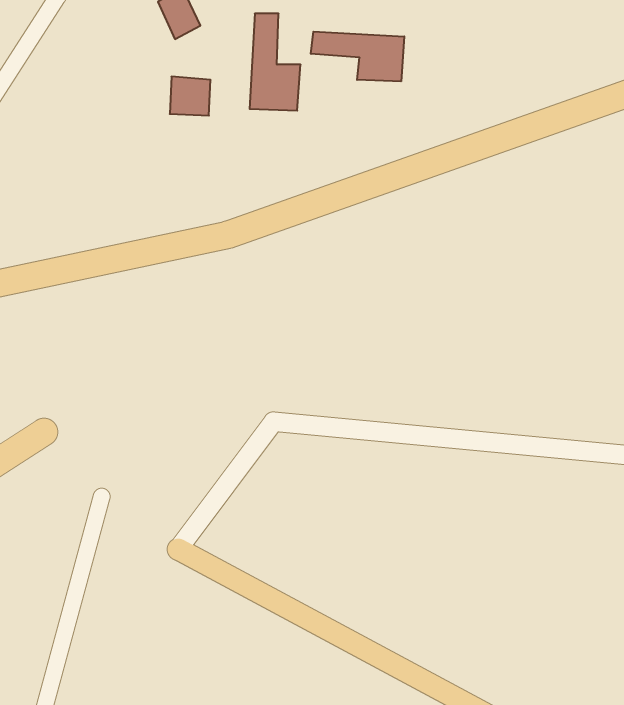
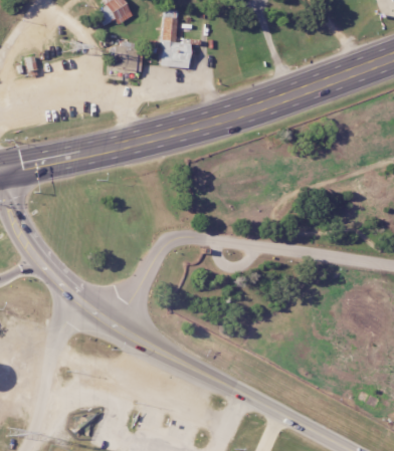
building: [311,32,404,81] -> none

